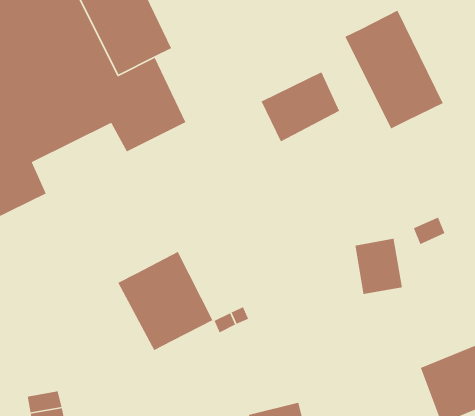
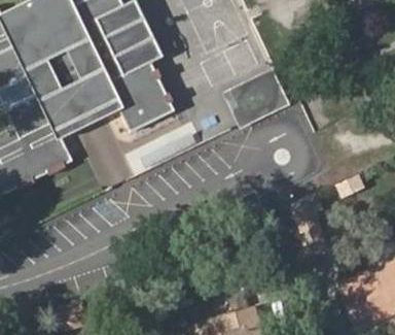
building: [344,10,444,129] -> none
building: [117,251,214,351] -> none

